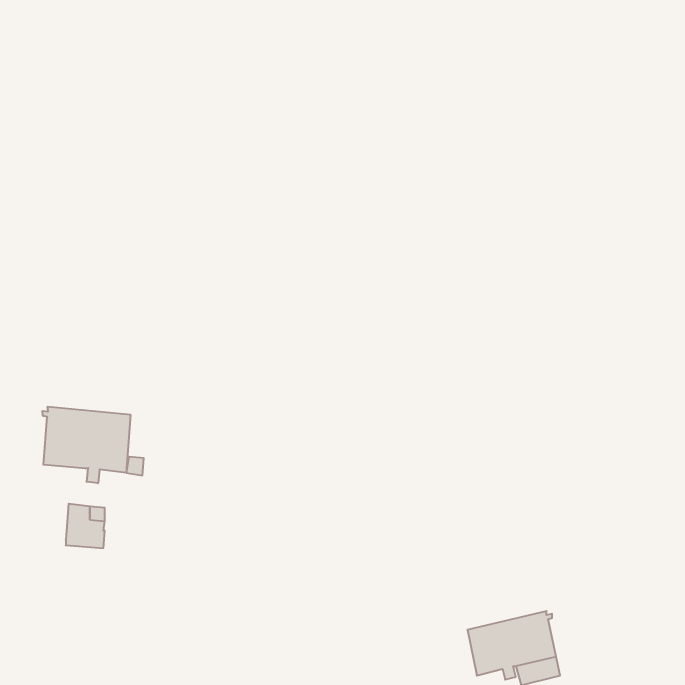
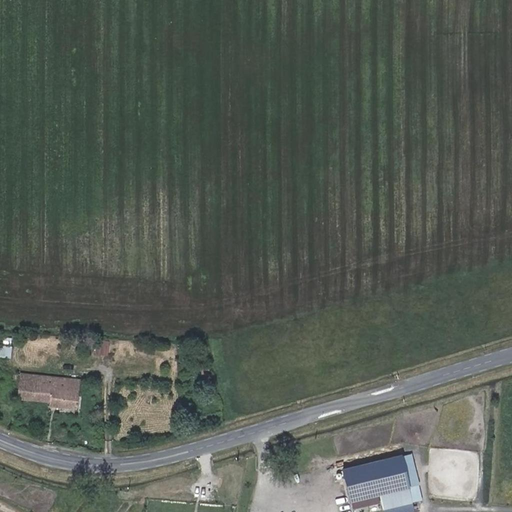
building: [42,407,130,483] -> none
building: none -> [18,372,51,402]

